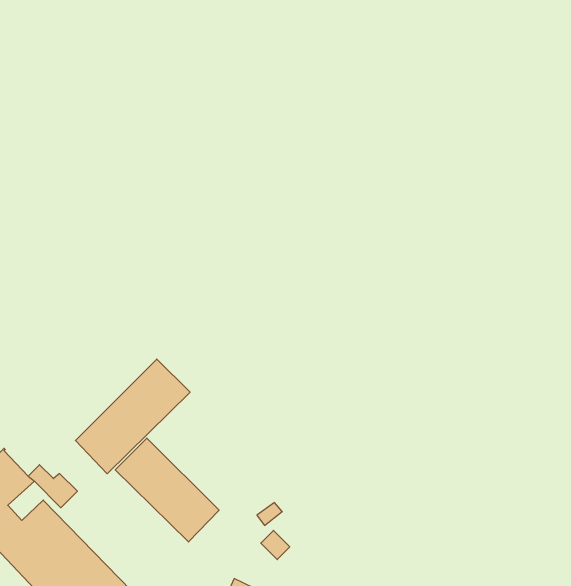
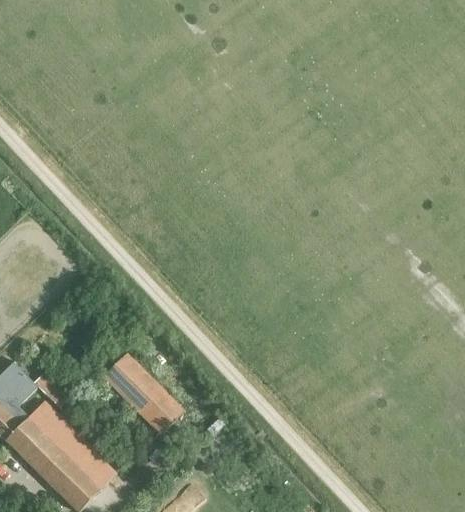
building: [75,359,190,474] -> none

